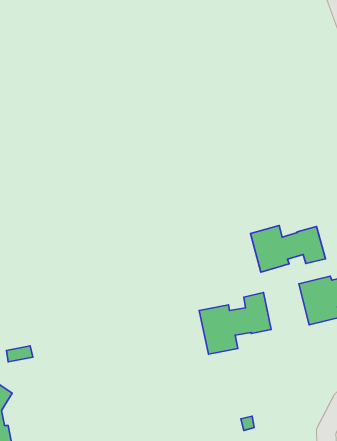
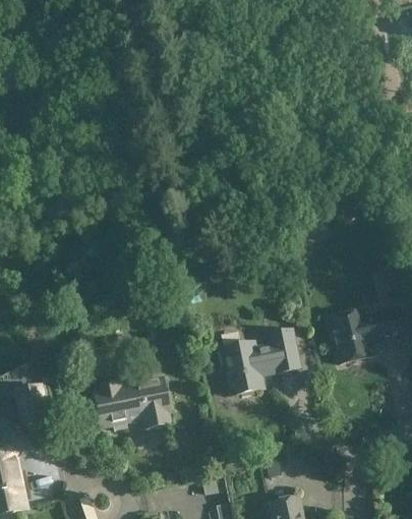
building: [251,226,325,272] -> none
building: none -> [95,378,171,429]

